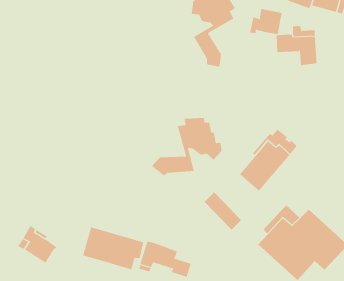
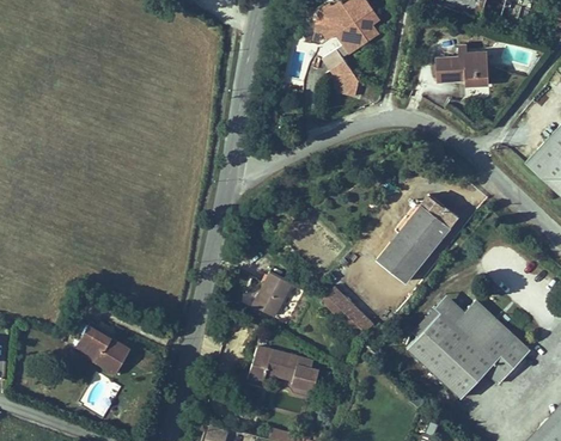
building: [250,8,282,35] -> none
building: [151,117,222,177] -> none
building: none -> [244,276,283,320]
building: [83,227,144,270] -> none

